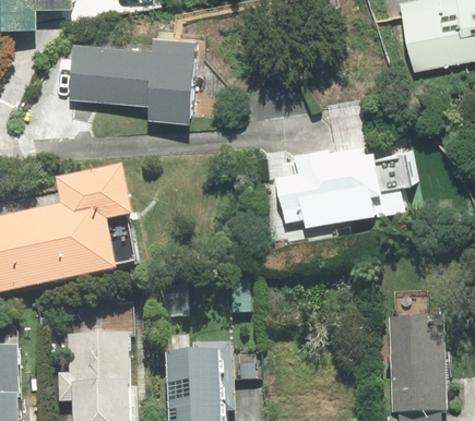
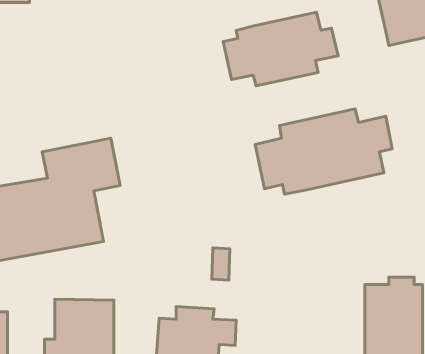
building: [66,38,200,124] -> none
building: none -> [223,12,338,86]

